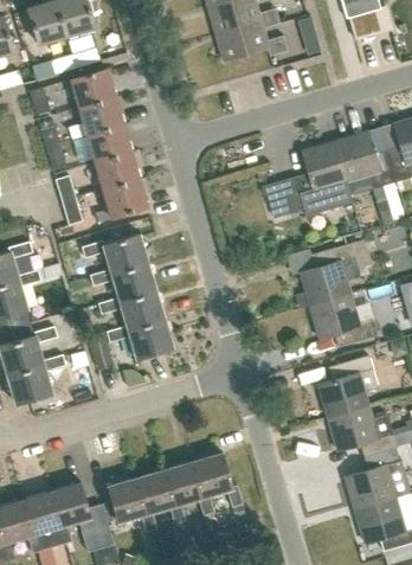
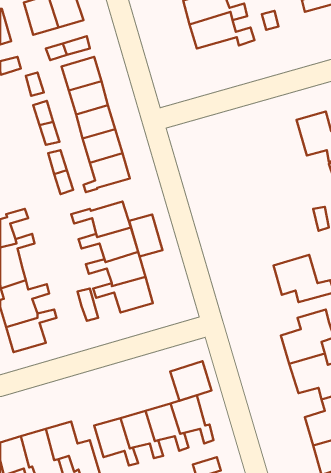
building: [281,141,353,214] -> none
building: [300,243,360,306] -> none
building: none -> [129,214,163,257]
building: none -> [170,361,212,401]

